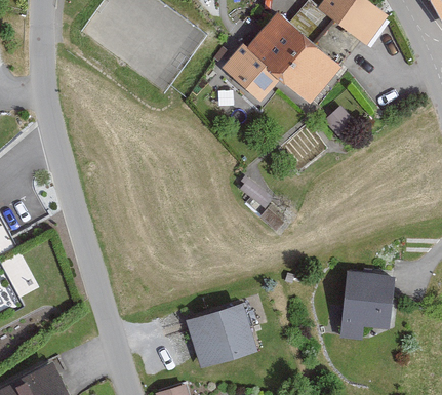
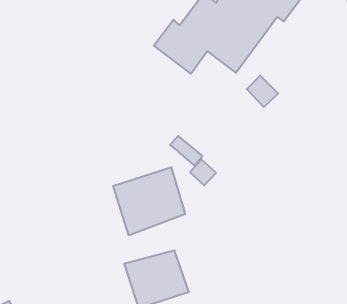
building: none -> [113,167,185,235]
building: [340,274,392,338] -> none

